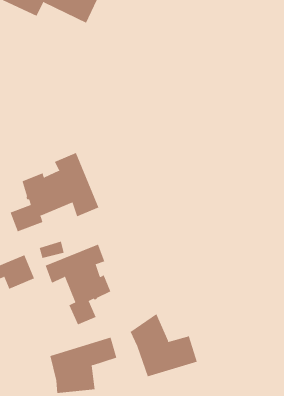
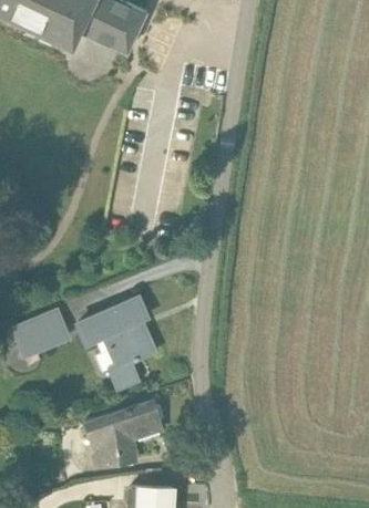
building: [10,152,99,232] -> none
building: [130,313,197,377] -> none

